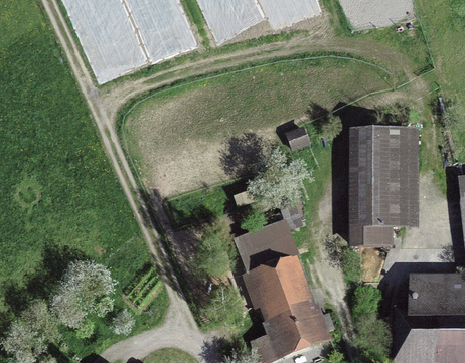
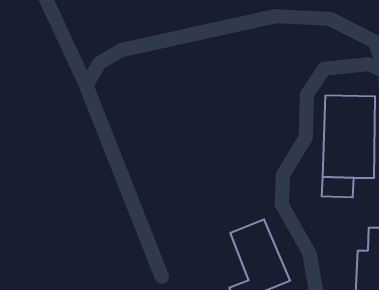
building: [242,236,294,288] -> none

